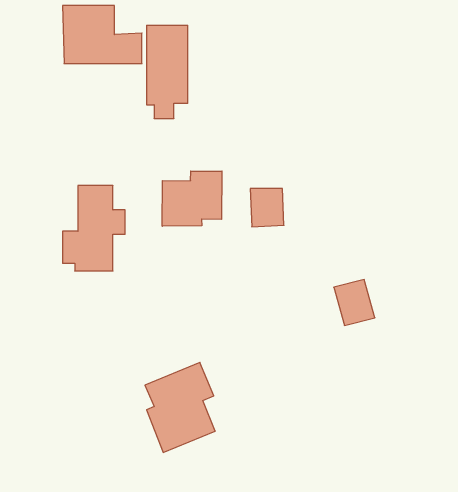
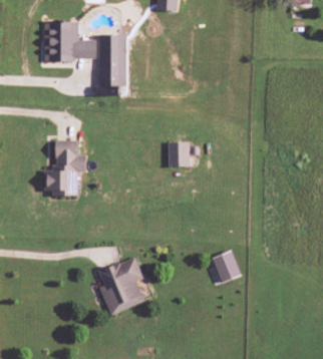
building: [162,171,222,226] -> none
building: [334,280,375,325] -> [213,251,240,281]

